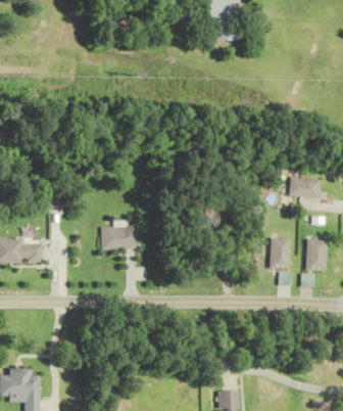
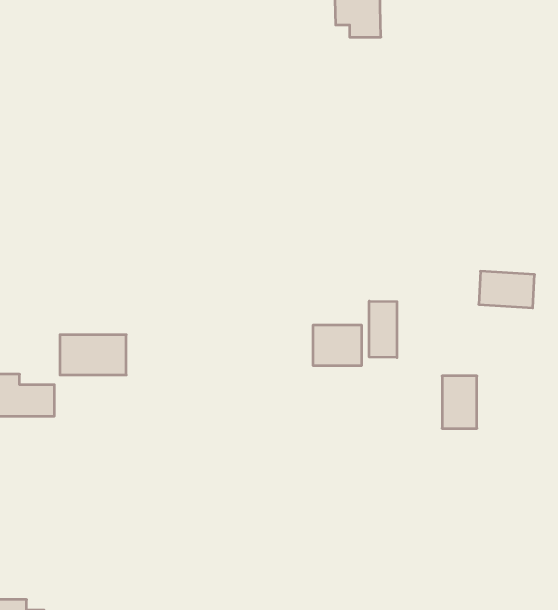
building: none -> [369,301,397,358]
building: [102,226,141,249] -> [60,335,126,375]
building: [306,240,327,271] -> none

